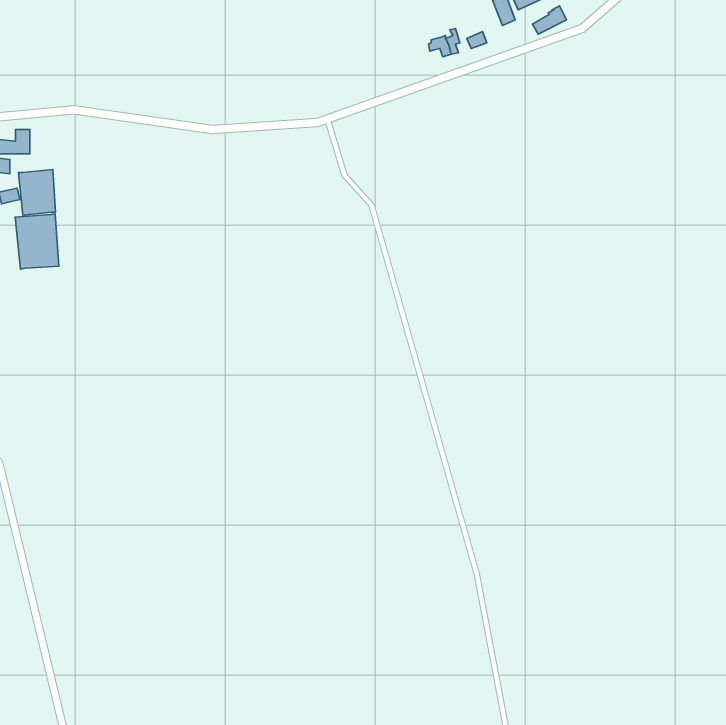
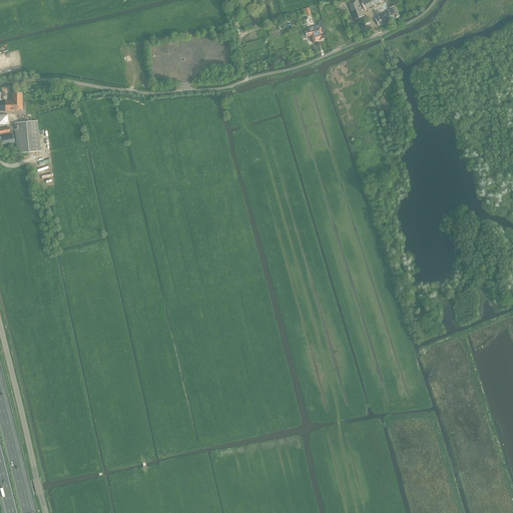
building: [15,214,59,269] -> none

